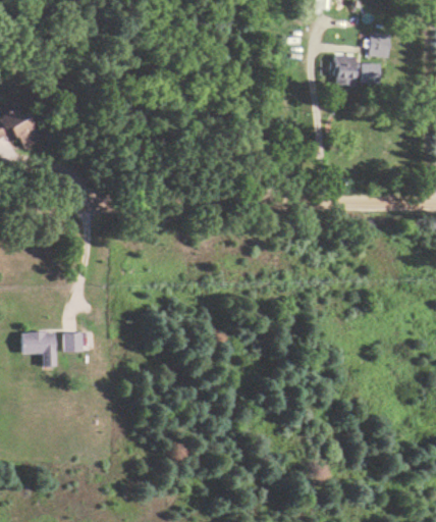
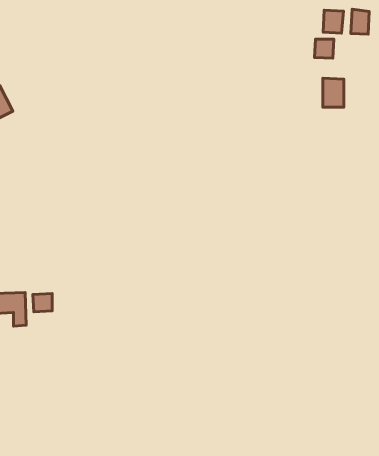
building: none -> [351,9,369,34]
building: [334,55,357,86] -> [323,78,344,107]

